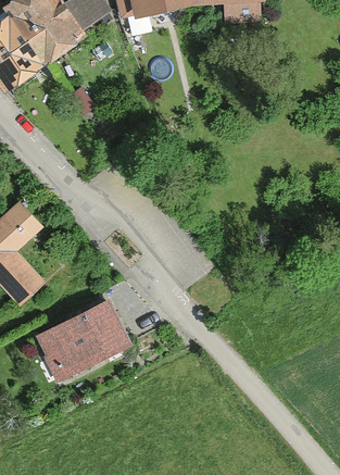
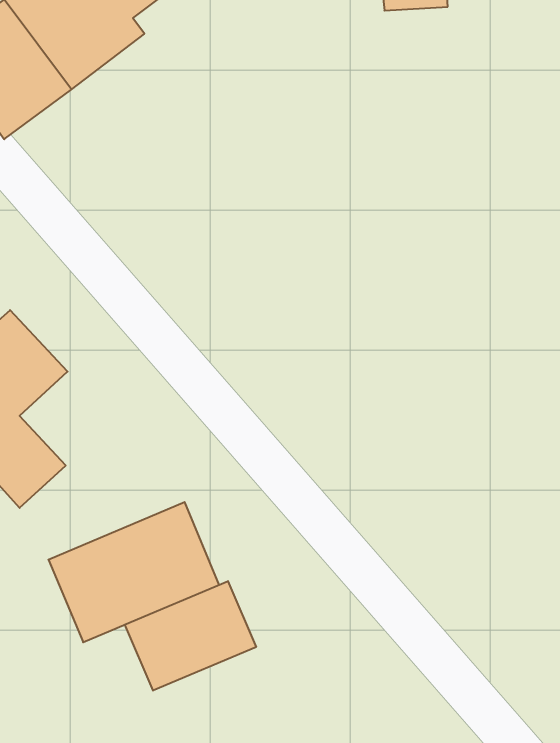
building: none -> [125,581,256,691]

